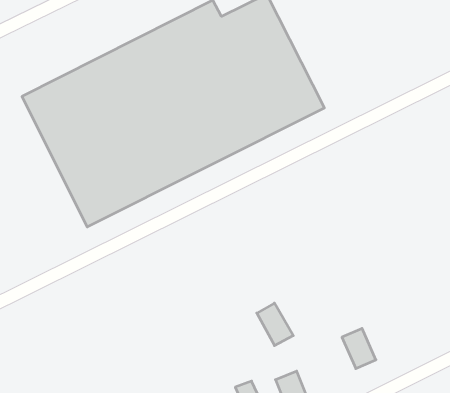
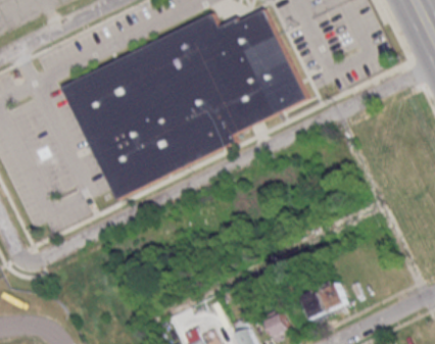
building: [257,303,293,346] -> [301,288,331,323]

